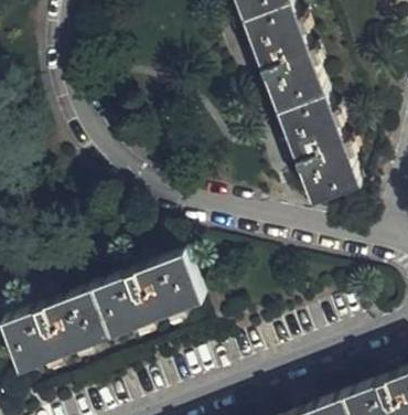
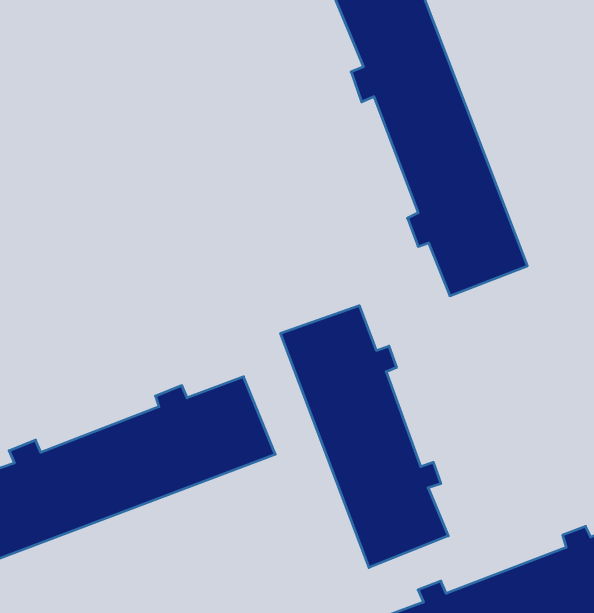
building: none -> [281,306,448,568]

